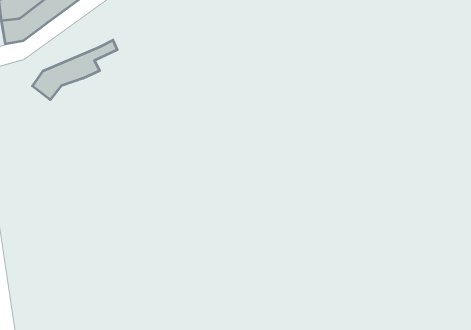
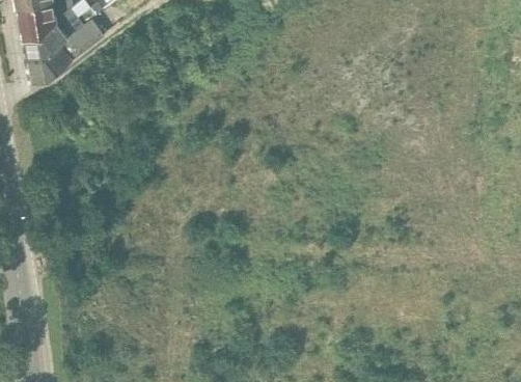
building: [32,40,117,100] -> none

